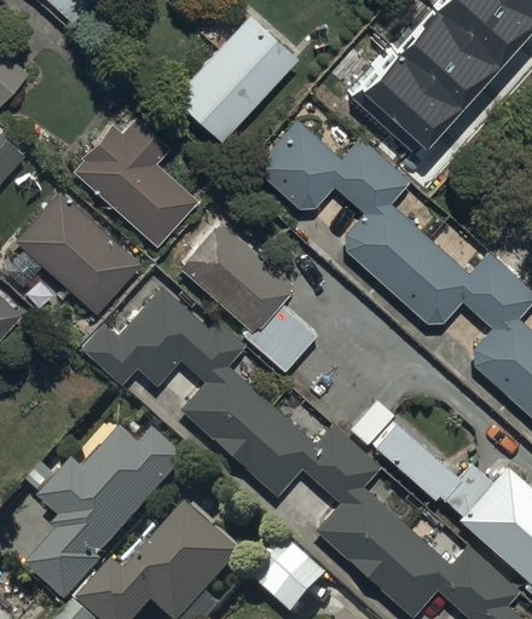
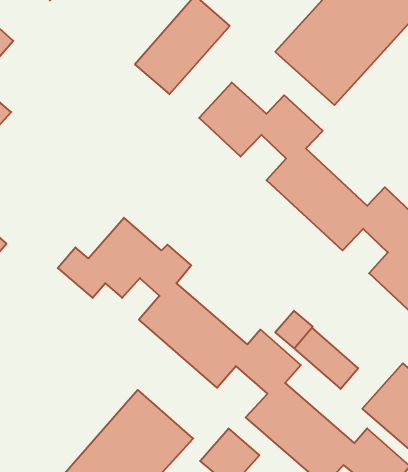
building: [81,121,201,243] -> none
building: [18,193,140,311] -> none
building: [179,220,319,370] -> none
building: [29,420,184,591] -> none

